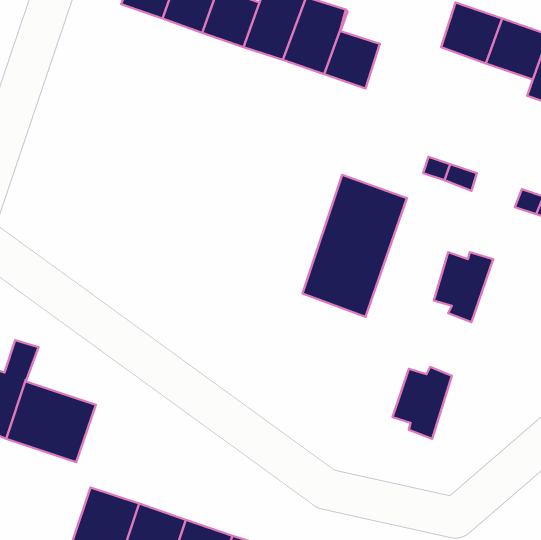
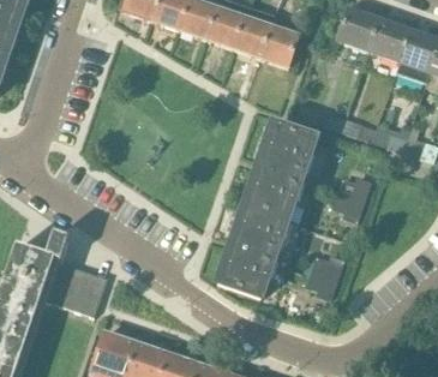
building: none -> [217,203,287,298]

